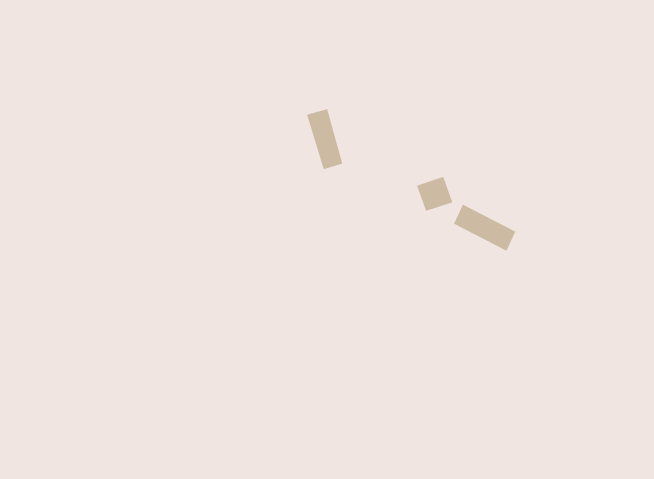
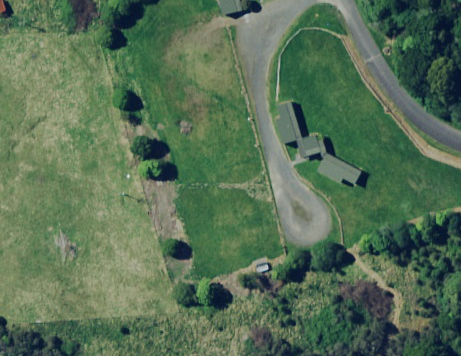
building: [306,109,343,170] -> [275,101,299,141]

